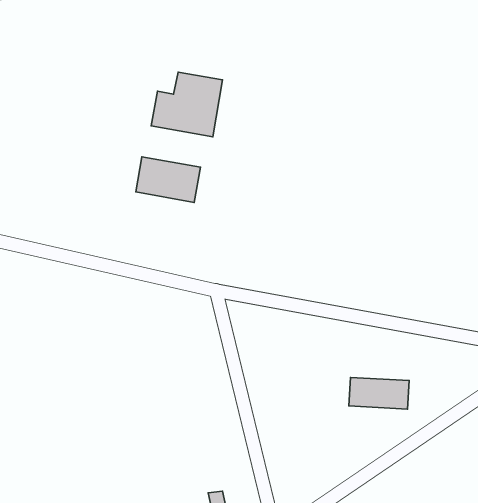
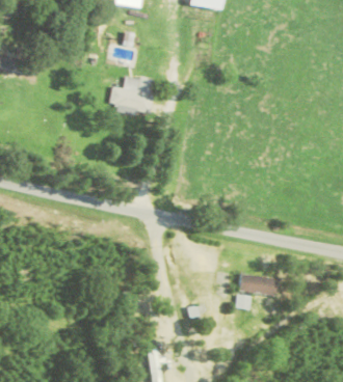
building: [136,157,201,202] -> none

